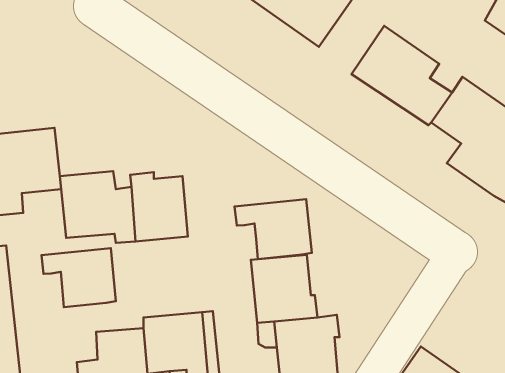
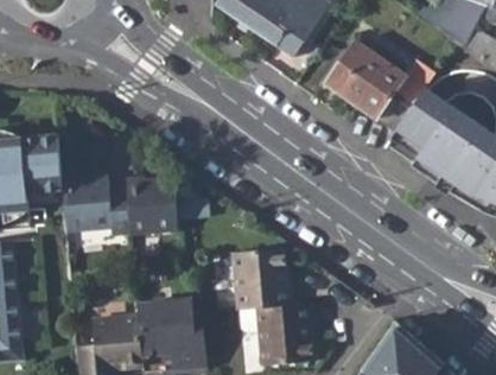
building: [234,199,312,259] -> none
building: [41,248,116,307] -> none

